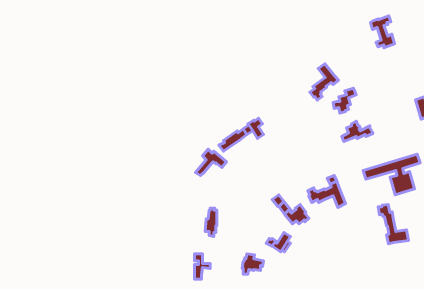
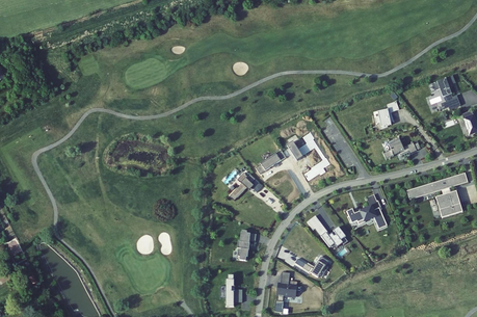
building: [370,16,395,48] -> [434,74,460,108]
building: [310,64,339,100] -> none
building: [378,204,408,244] -> none

